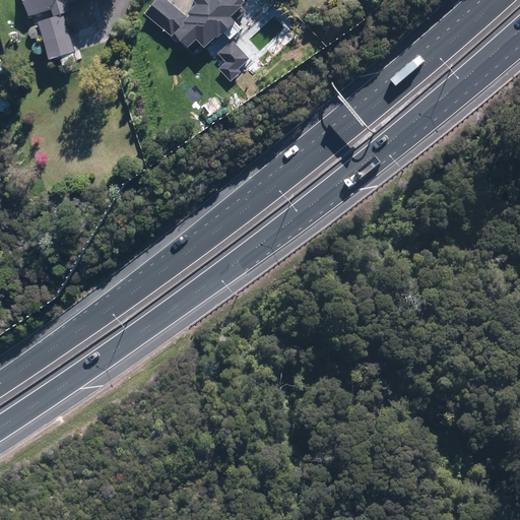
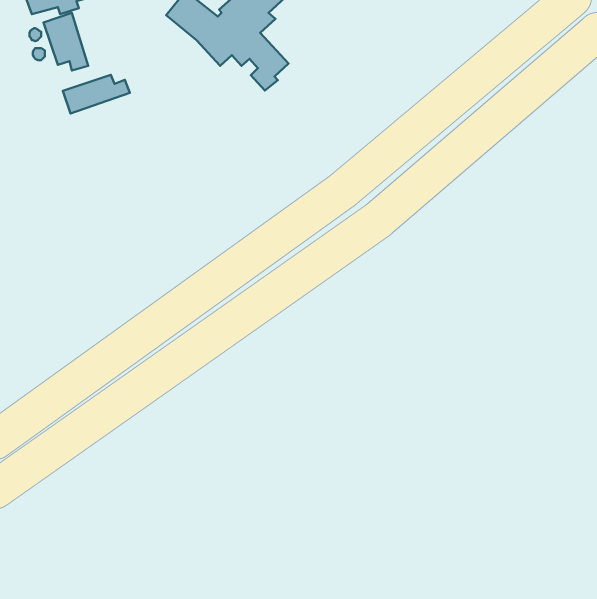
building: none -> [63,75,130,113]

